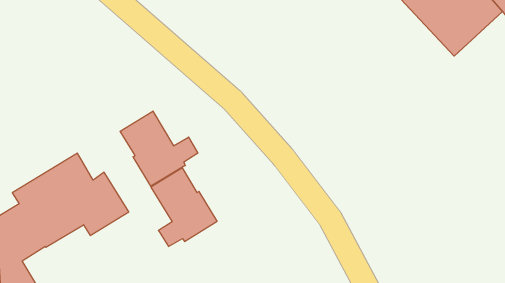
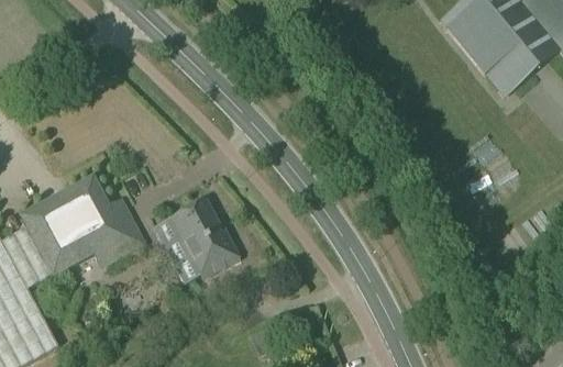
building: [120,111,198,186] -> none

